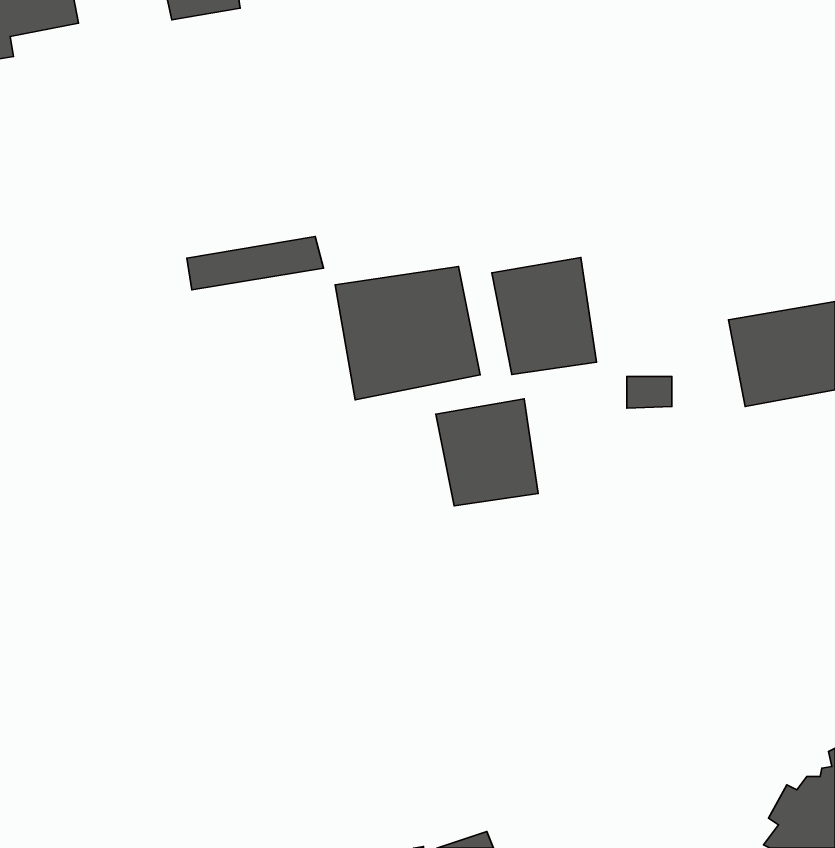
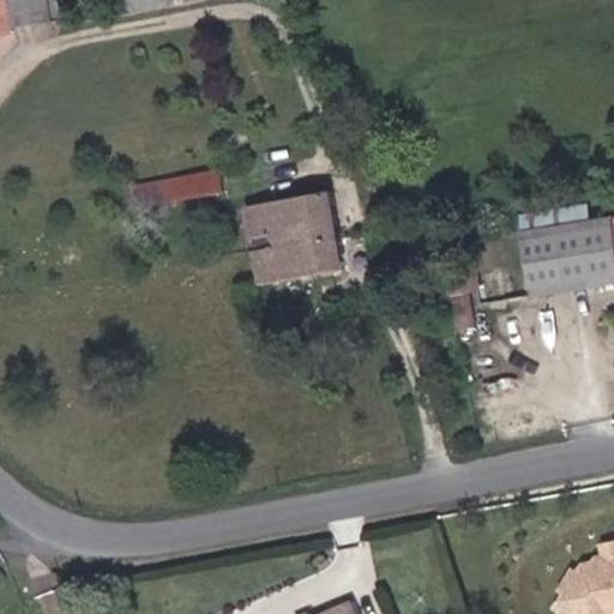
building: [492,258,596,374] -> none
building: [436,399,538,506] -> none

